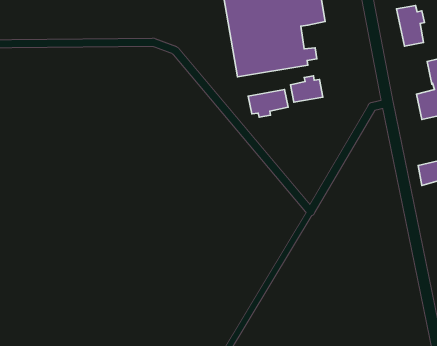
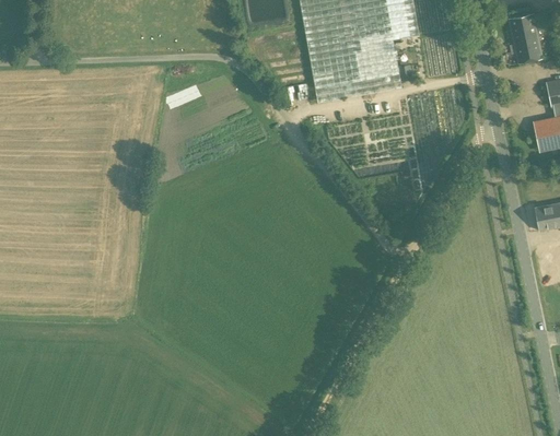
building: [290,76,323,102] -> none
building: [248,90,288,117] -> none

